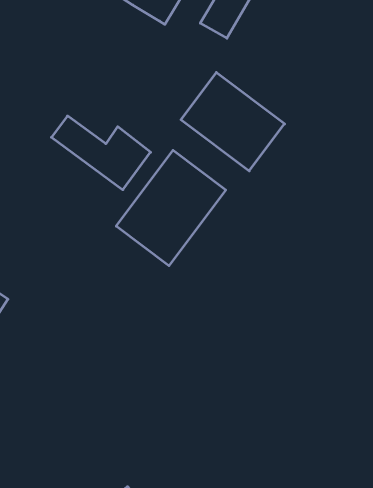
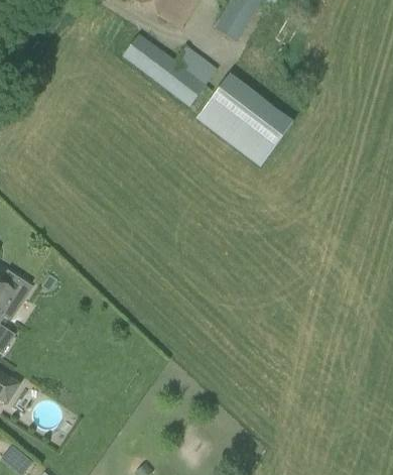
building: [51,116,151,190] -> [123,34,217,104]
building: [116,150,226,266] -> none

